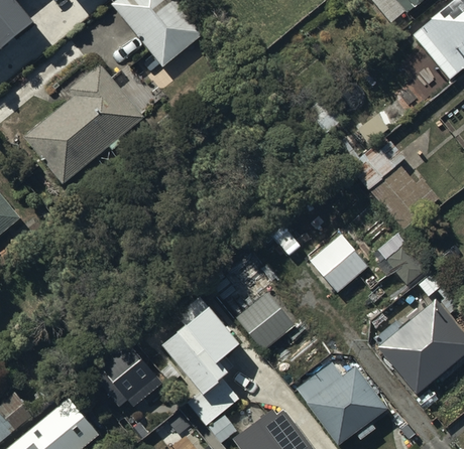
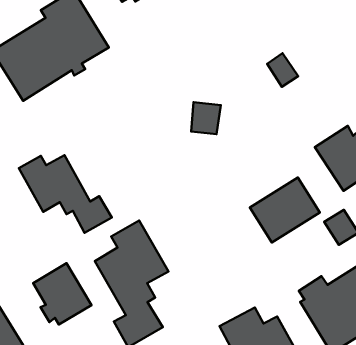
building: none -> [19,155,112,233]
building: [234,289,293,347] -> none

